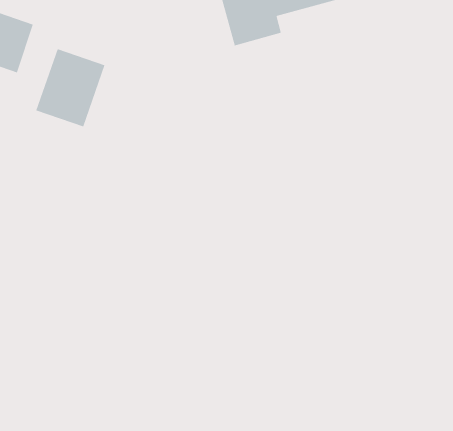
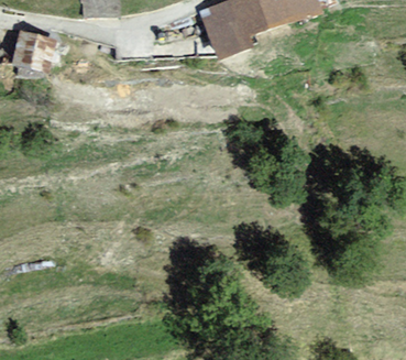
building: [35,48,106,127] -> none

